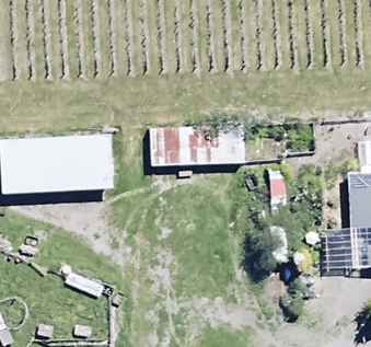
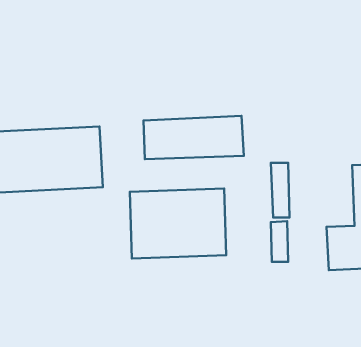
building: none -> [130,188,226,259]

